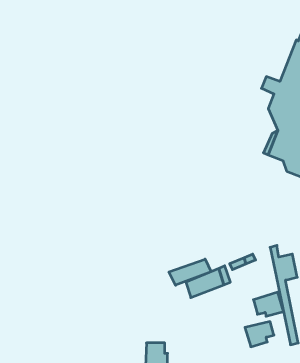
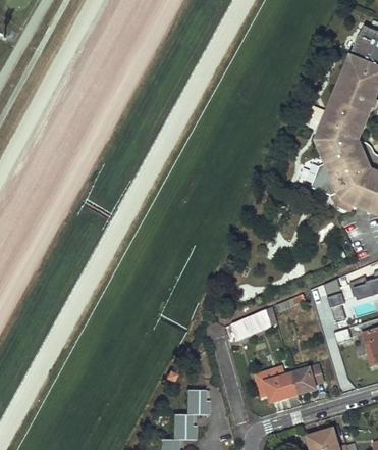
building: [169,259,211,285] -> none
building: [253,292,283,316] -> [266,371,298,397]

